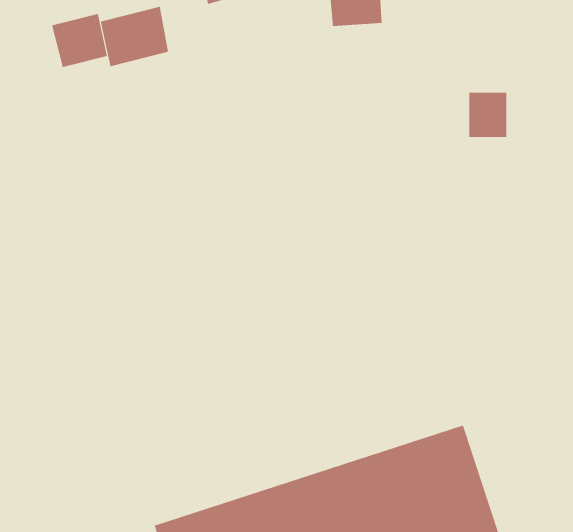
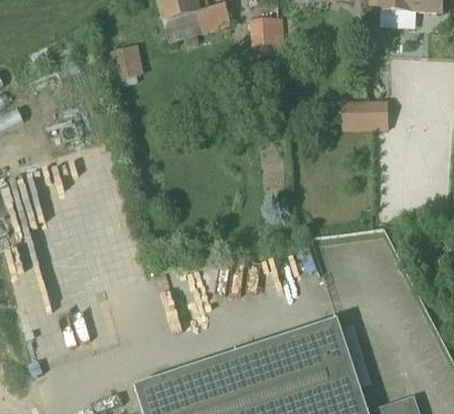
building: [51,13,108,68] -> none
building: none -> [367,101,389,131]

